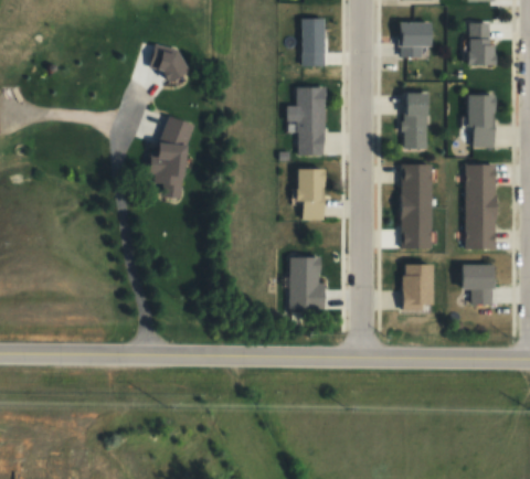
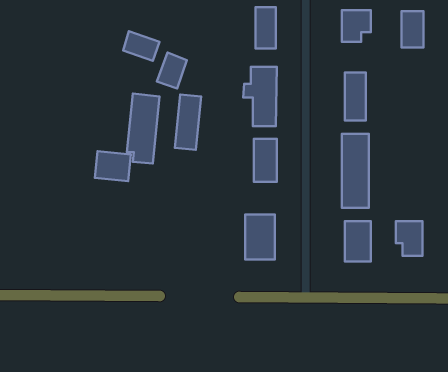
building: none -> [157,52,187,89]
building: [469,96,495,148] -> none
building: none -> [175,95,201,150]
building: [464,164,495,248] -> none
building: none -> [95,151,131,181]

